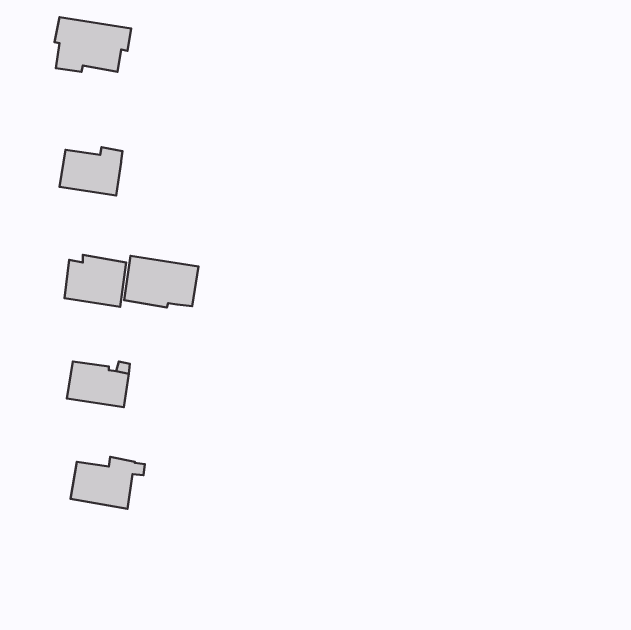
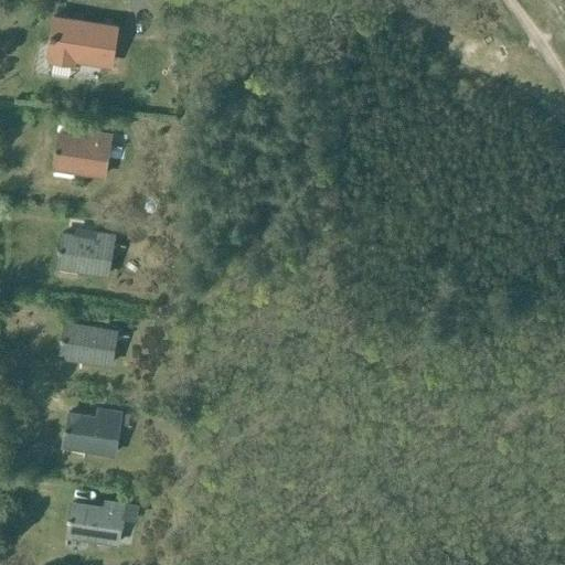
building: [124,256,198,307] -> none
building: none -> [67,500,139,545]

